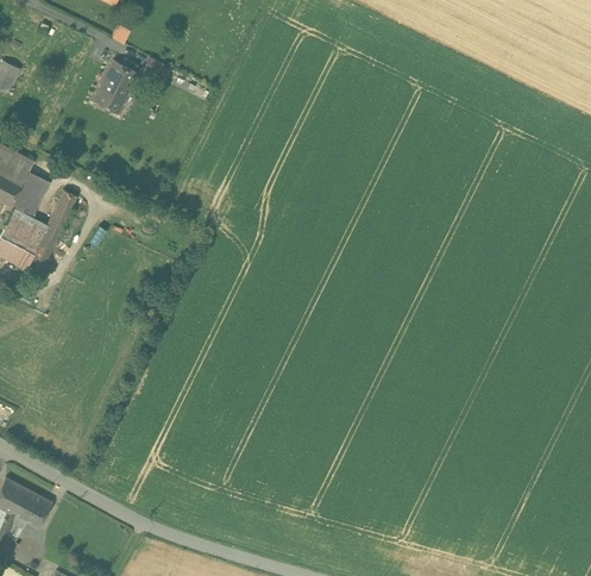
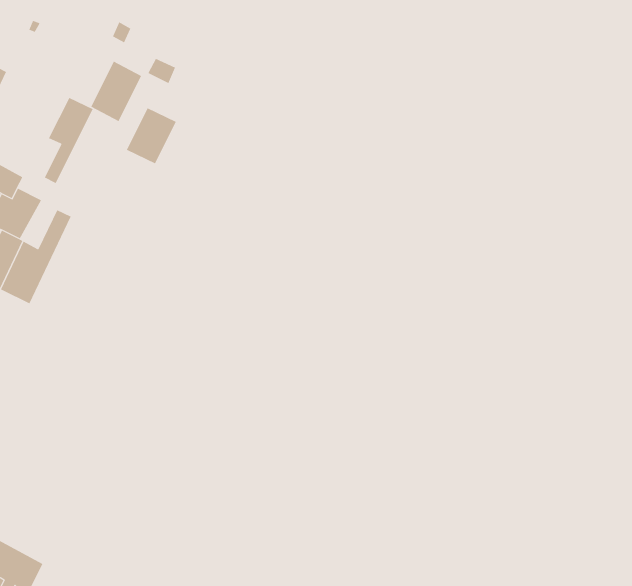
building: none -> [44,97,93,184]
building: none -> [126,107,177,164]

